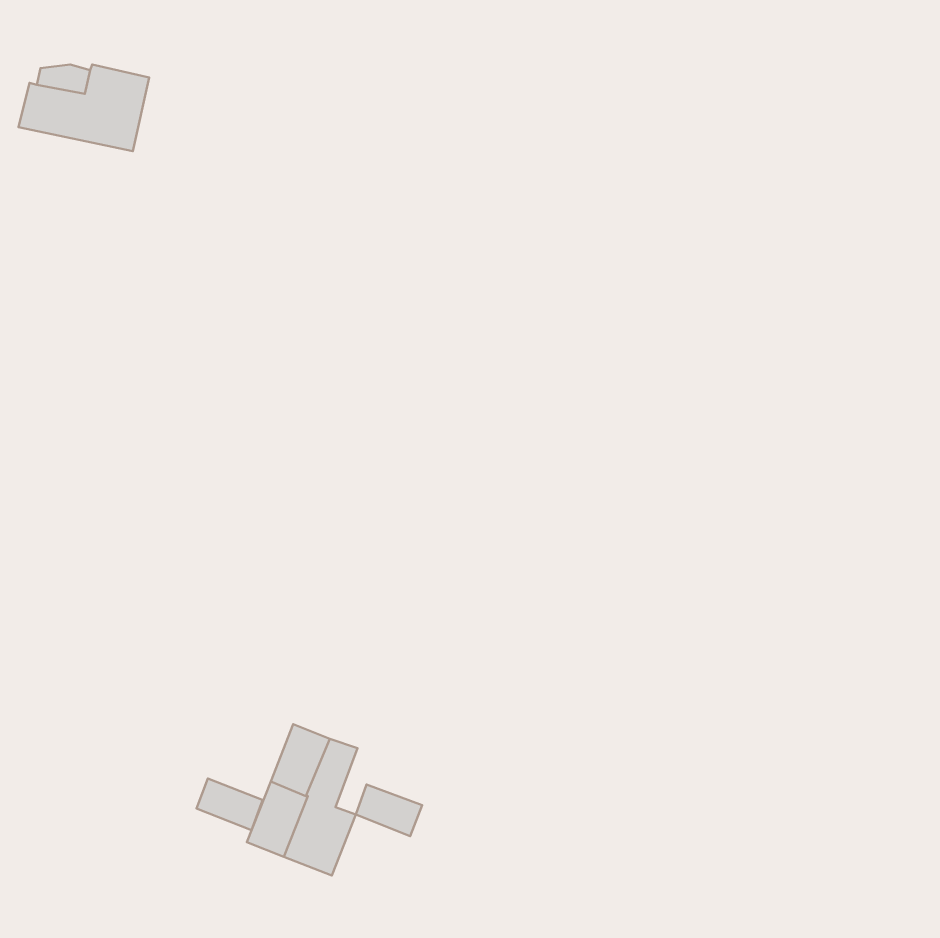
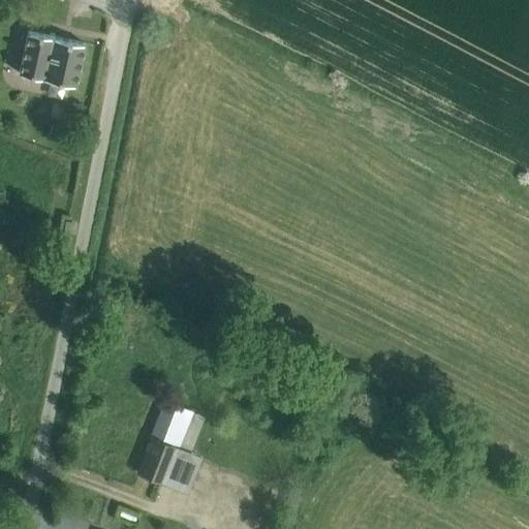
building: [196,778,263,830] -> none
building: [356,785,422,836] -> none

